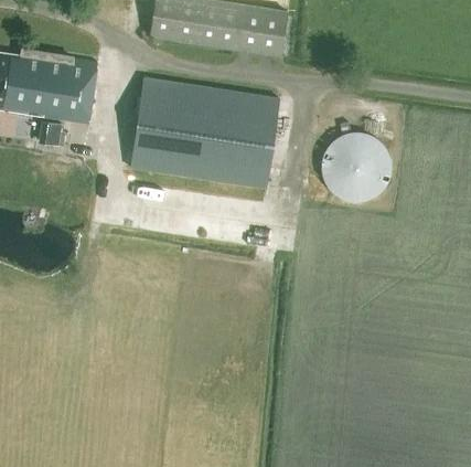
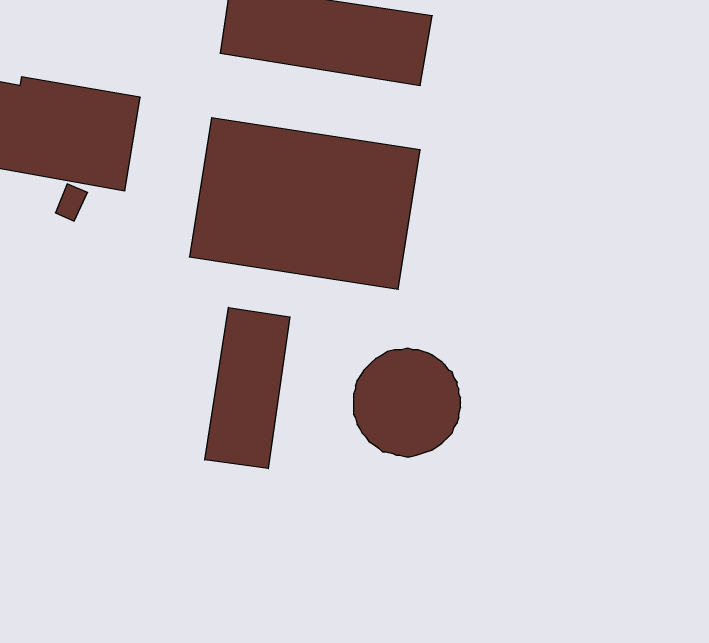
building: [322,131,392,202] -> [354,348,461,457]
building: none -> [205,307,290,469]

